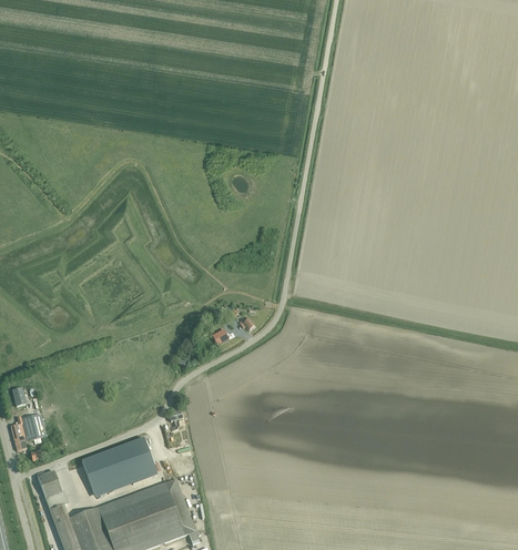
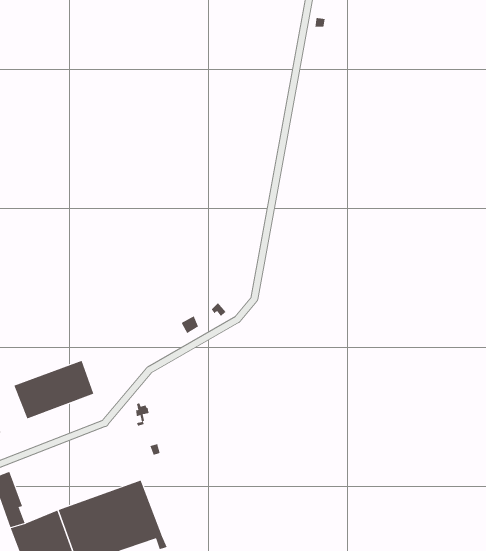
building: [81,438,155,492] -> [13,360,94,419]

